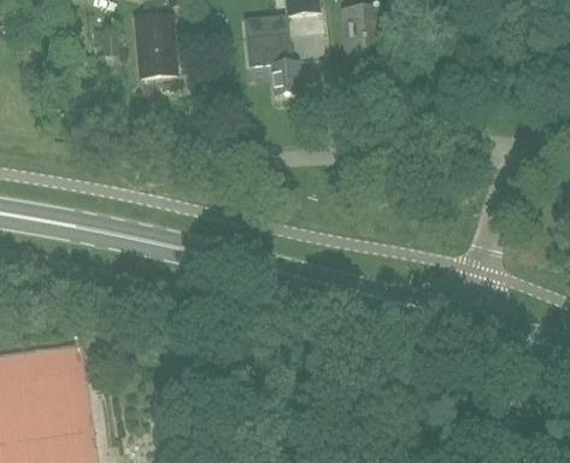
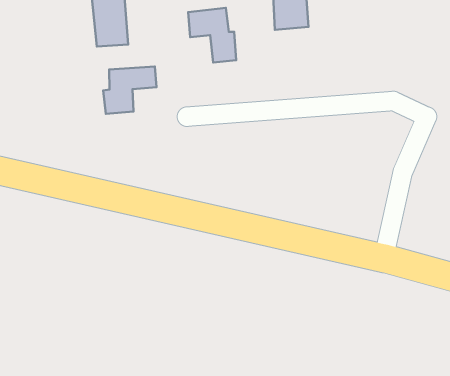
building: none -> [103,67,157,114]

